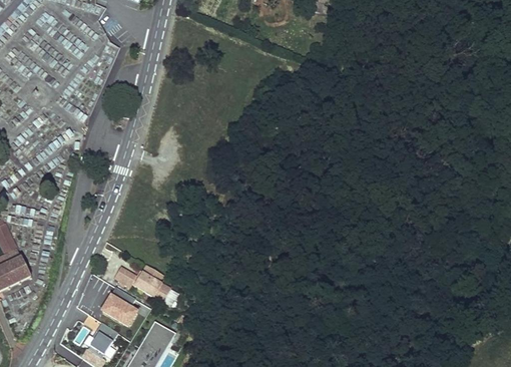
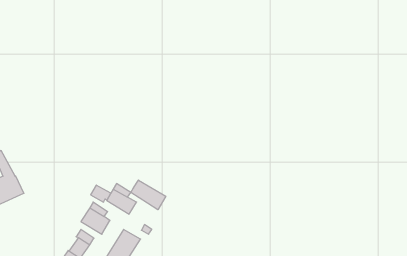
building: none -> [131,180,166,210]

